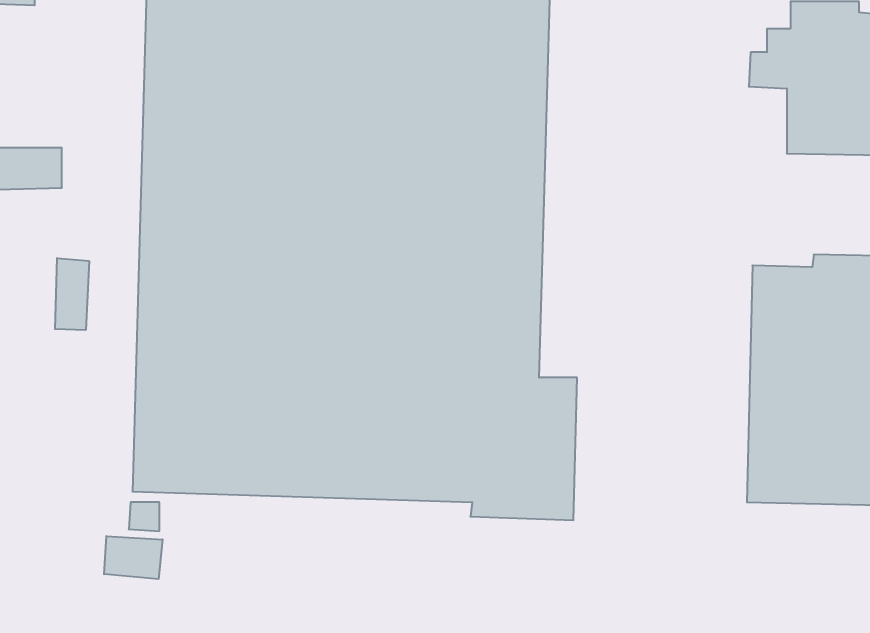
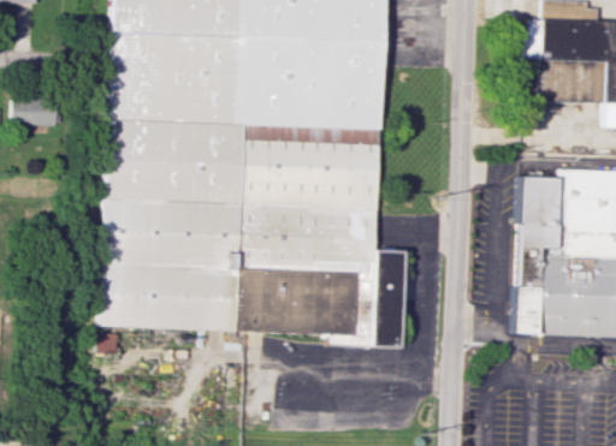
building: [55,258,89,330] -> none
building: [104,536,163,579] -> none

